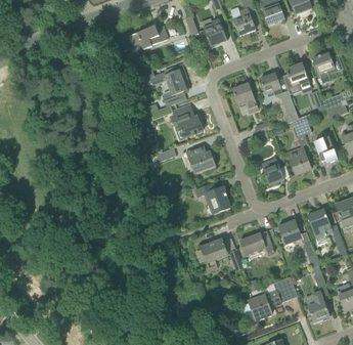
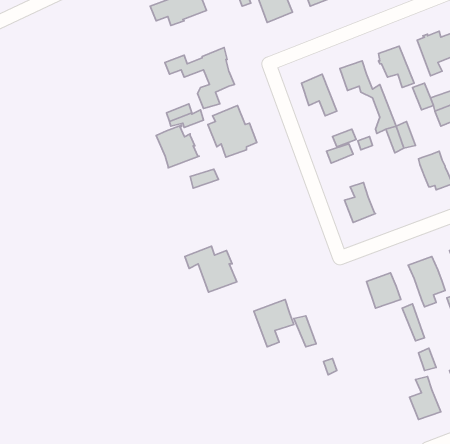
building: [186,143,216,173] -> [156,125,199,168]
building: [288,146,311,174] -> none
building: [194,182,230,214] -> [185,246,237,292]
building: [239,230,273,254] -> none
building: [248,275,297,318] -> none

